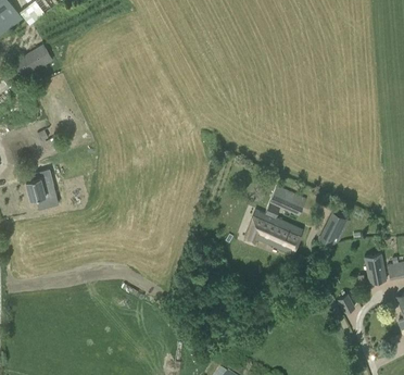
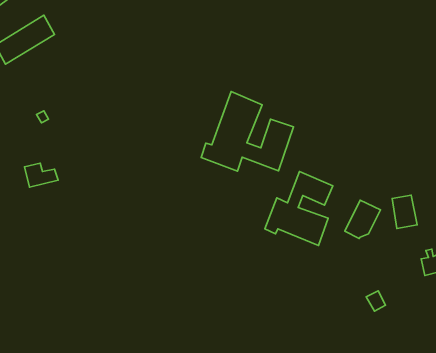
building: none -> [201,92,294,171]
building: [364,253,387,284] -> [392,195,417,228]

